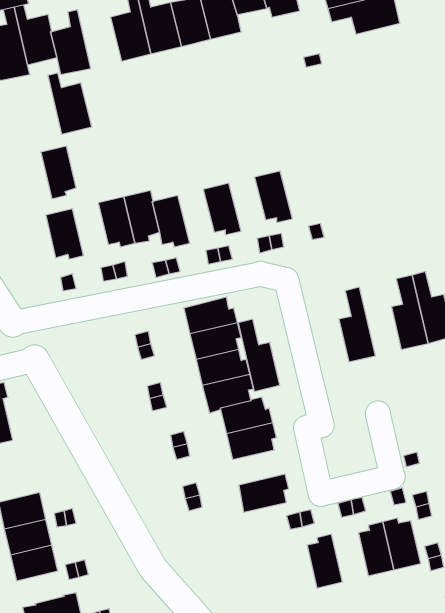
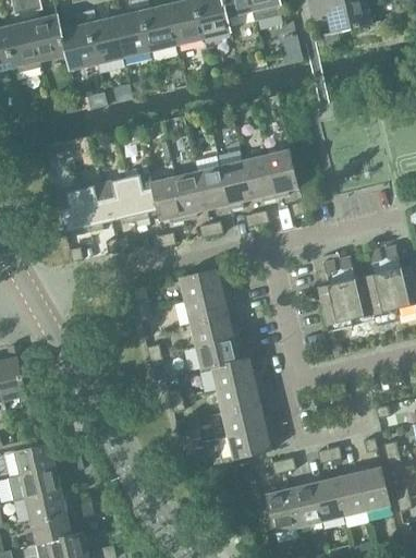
building: [48,73,92,134] -> [83,10,122,64]
building: [41,146,76,199] -> [78,184,110,231]
building: none -> [264,150,296,198]
building: none -> [218,161,250,209]
building: none -> [172,172,205,220]
building: [238,319,280,391] -> [334,256,371,320]
building: none -> [221,404,268,436]
building: none -> [309,476,342,522]
building: none -> [262,487,296,533]
building: none -> [28,512,71,545]

